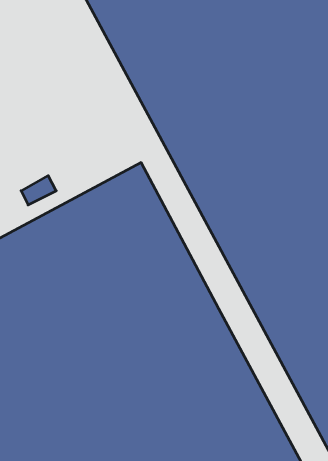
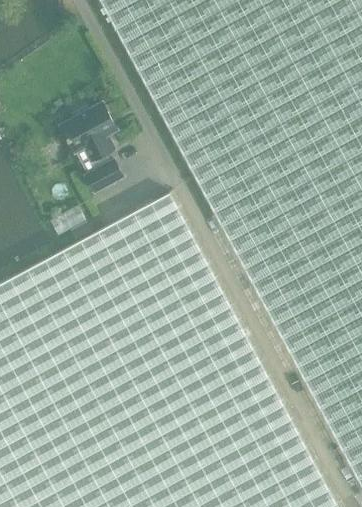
building: none -> [61,102,124,190]

